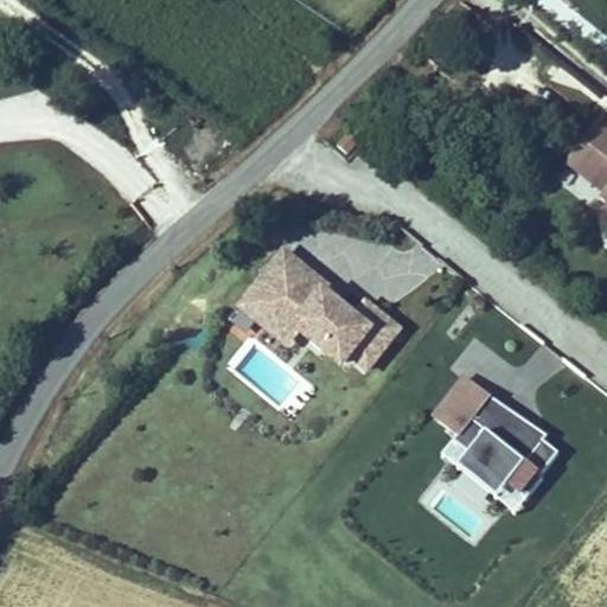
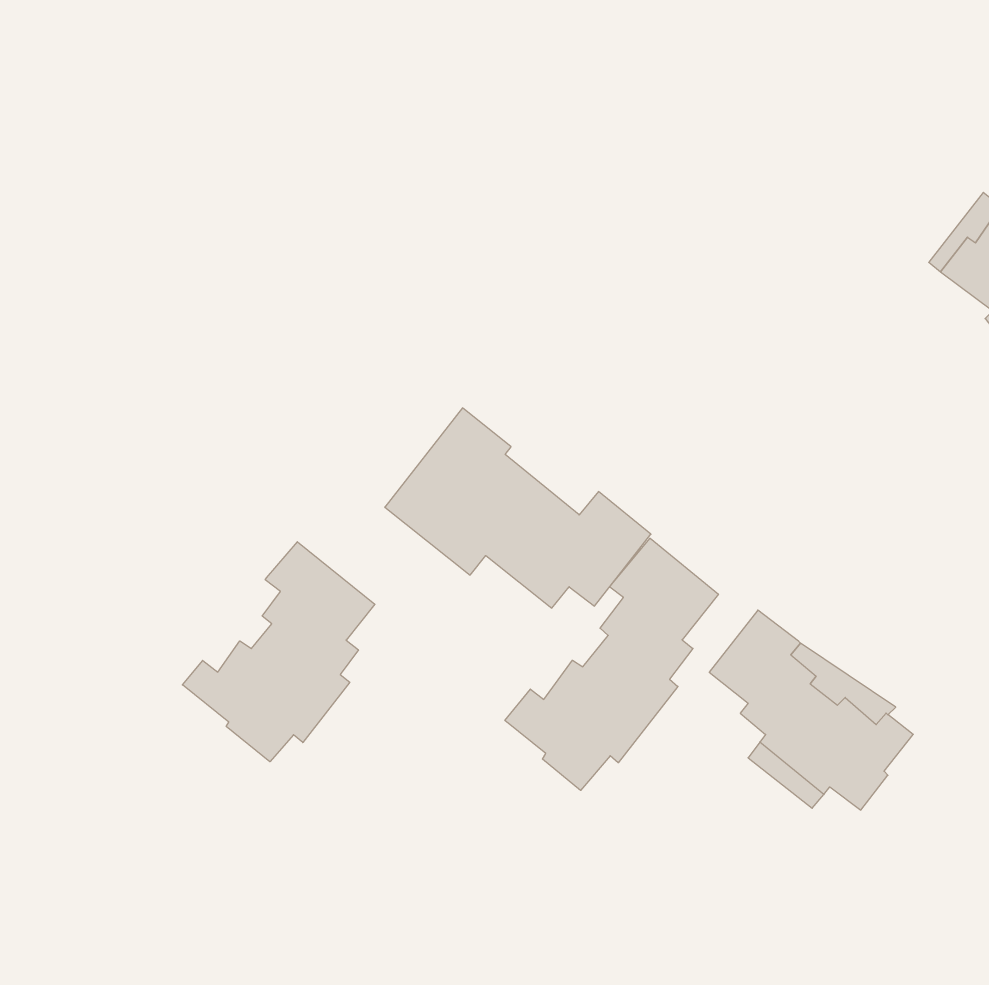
building: none -> [505,538,718,790]
building: none -> [182,542,375,762]

